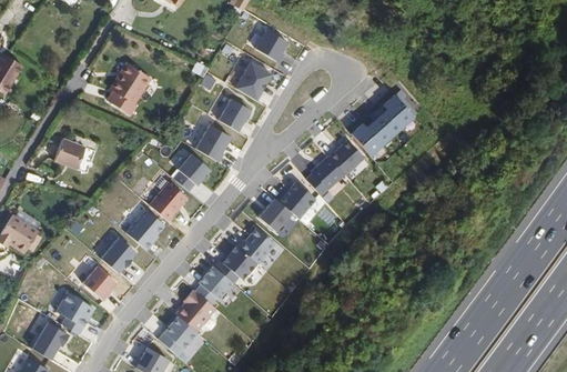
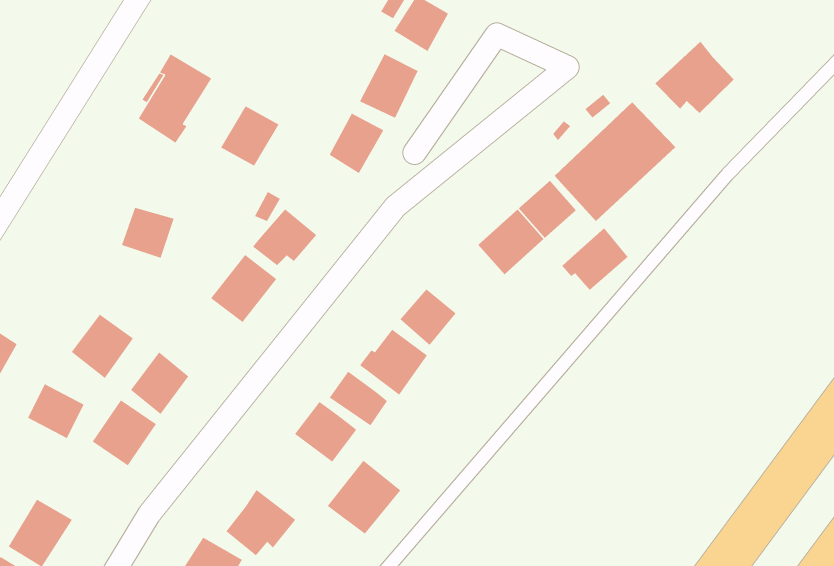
building: none -> [655,41,735,114]
building: [196,125,231,161] -> [220,105,279,166]
building: [54,139,85,169] -> [121,207,175,259]
building: none -> [561,228,629,291]
building: [279,180,315,215] -> none
building: [128,209,164,247] -> [71,314,134,379]
building: [174,288,217,331] -> [327,460,401,534]
building: [59,294,92,326] -> [27,383,84,439]

